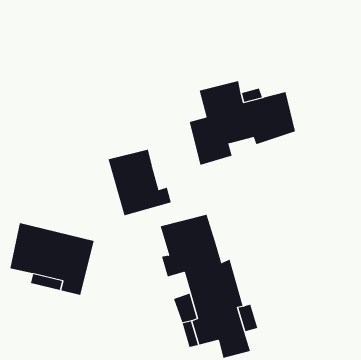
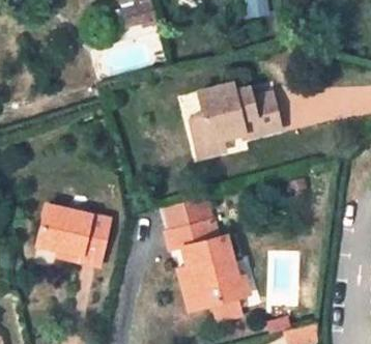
building: [108,149,172,216] -> none

